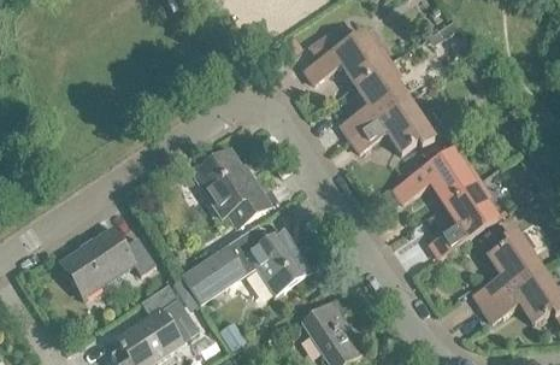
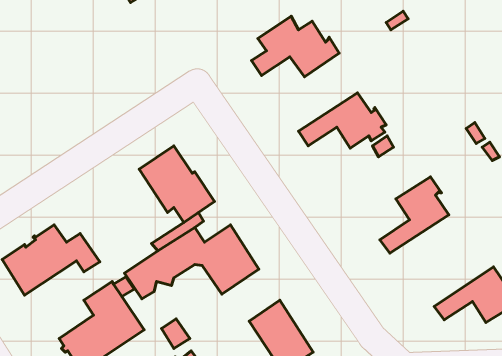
building: [341,61,408,137] -> none
building: [394,151,479,204] -> none
building: [473,224,541,308] -> none

